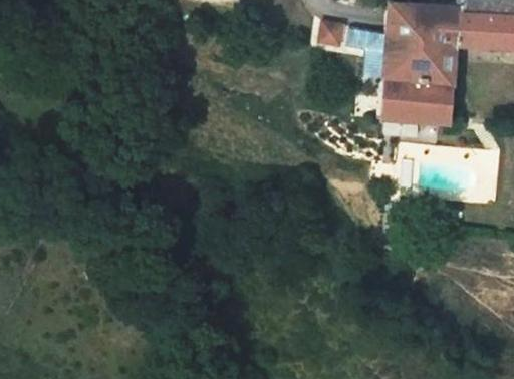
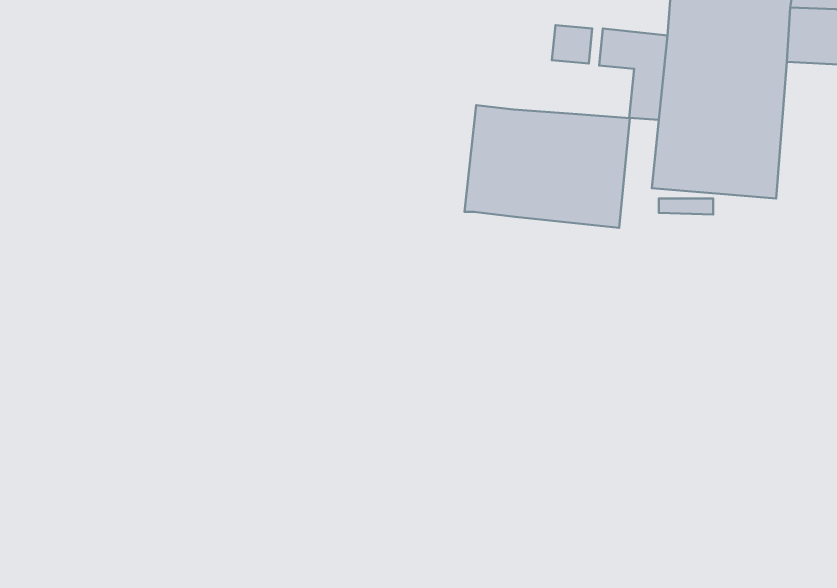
building: none -> [465,105,630,228]

